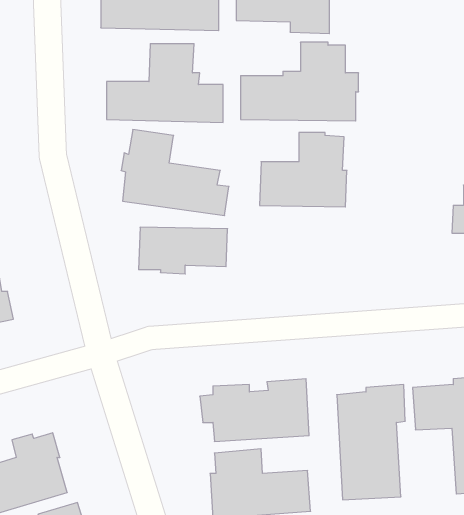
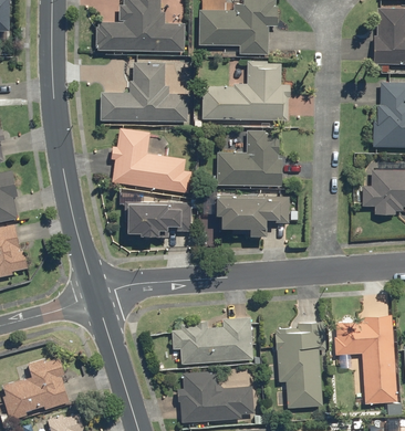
building: none -> [215,196,290,236]

